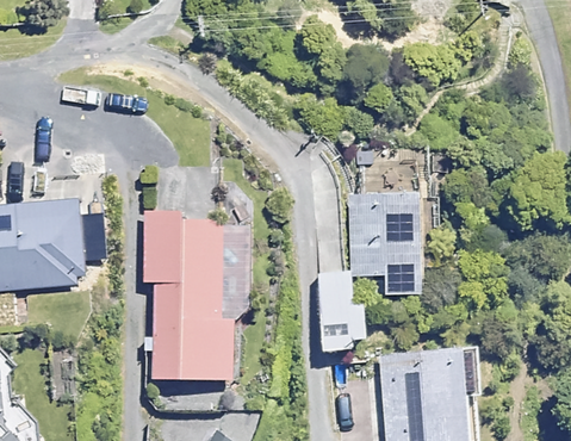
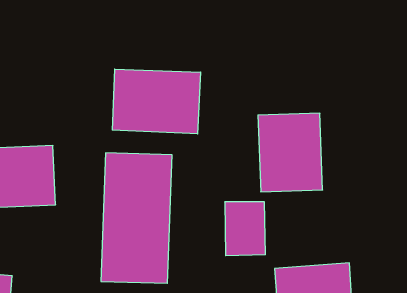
building: none -> [112,69,201,134]

